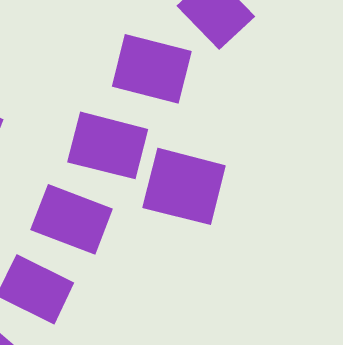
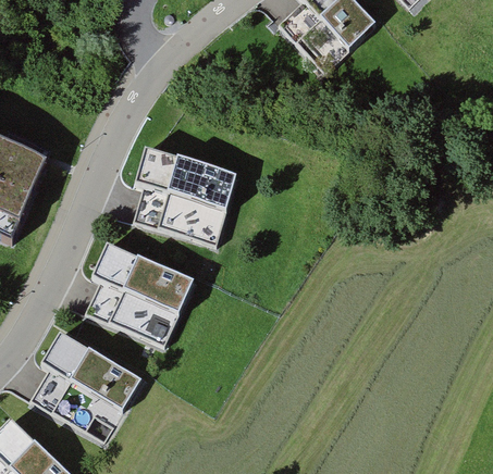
building: [111,33,192,104] -> none
building: [142,147,227,226] -> none

